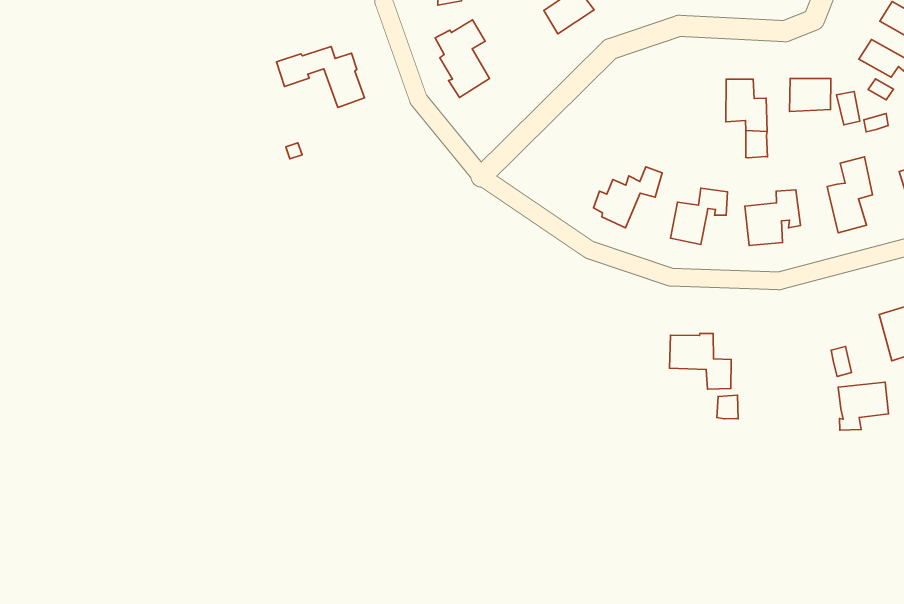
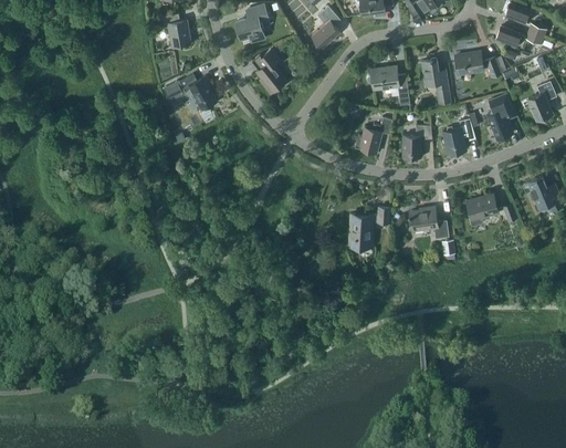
building: none -> [366,66,408,105]
building: none -> [348,207,388,252]
building: [838,382,889,430] -> [465,195,496,226]

